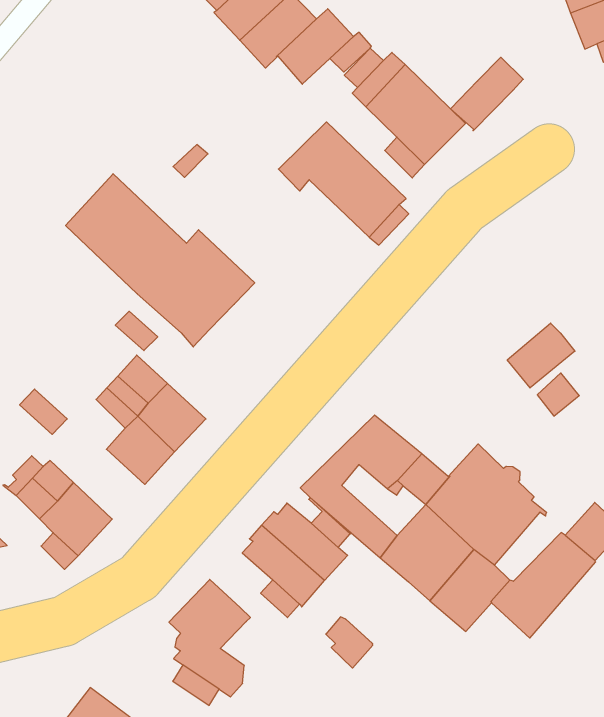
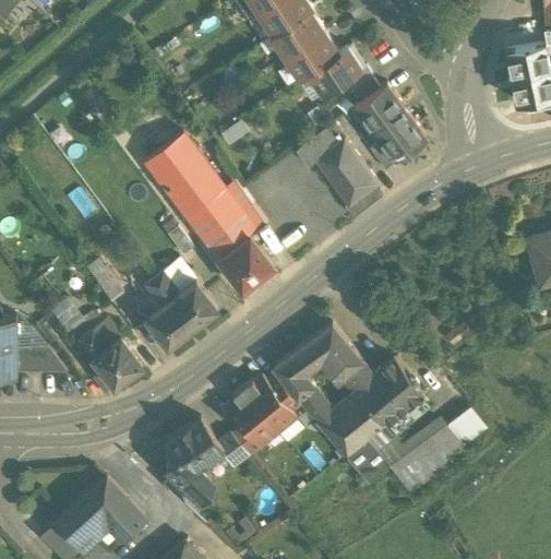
building: [450,57,523,131] -> none
building: none -> [216,235,273,290]
building: [507,323,575,388] -> none
building: [326,617,373,668] -> [217,431,248,467]

